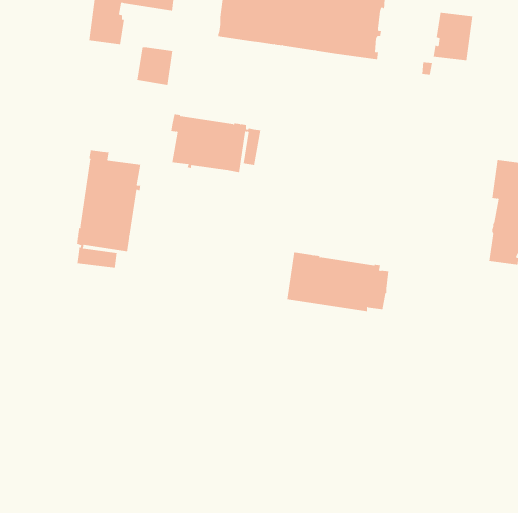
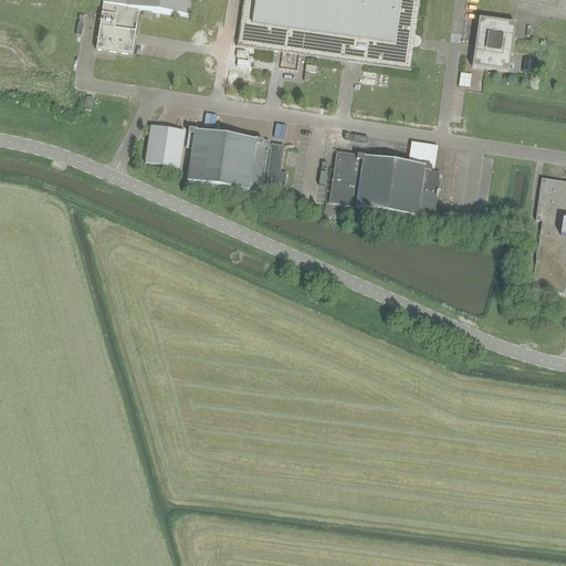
building: [137,47,173,85] -> [146,122,186,164]
building: [76,150,141,268] -> none
building: [287,252,389,312] -> [329,147,441,212]

